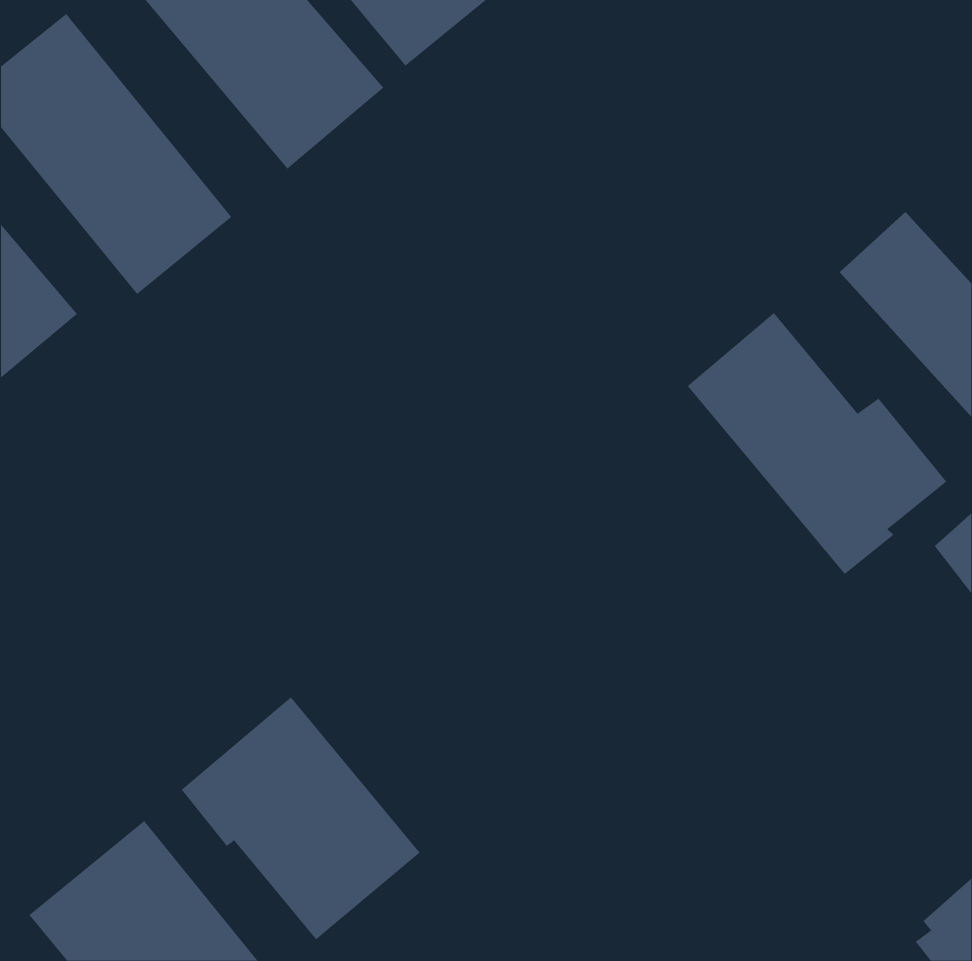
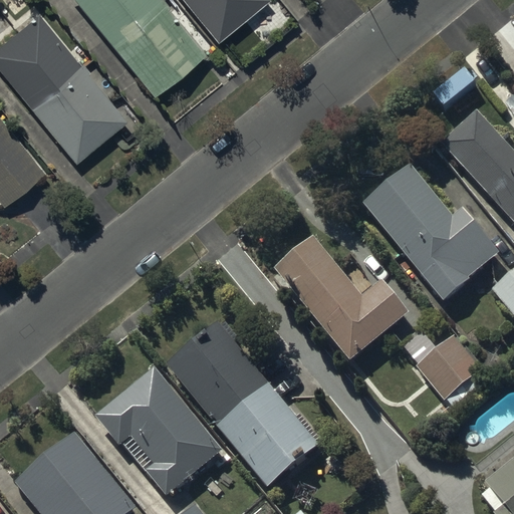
building: none -> [276,239,409,361]
building: none -> [166,324,325,489]
building: none -> [403,328,486,406]

